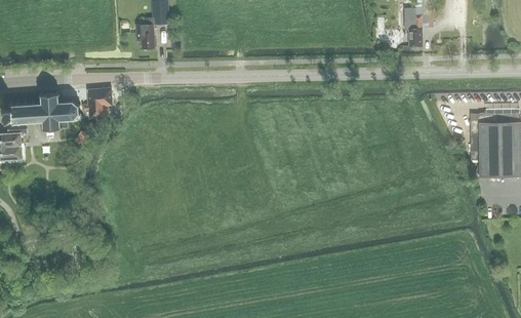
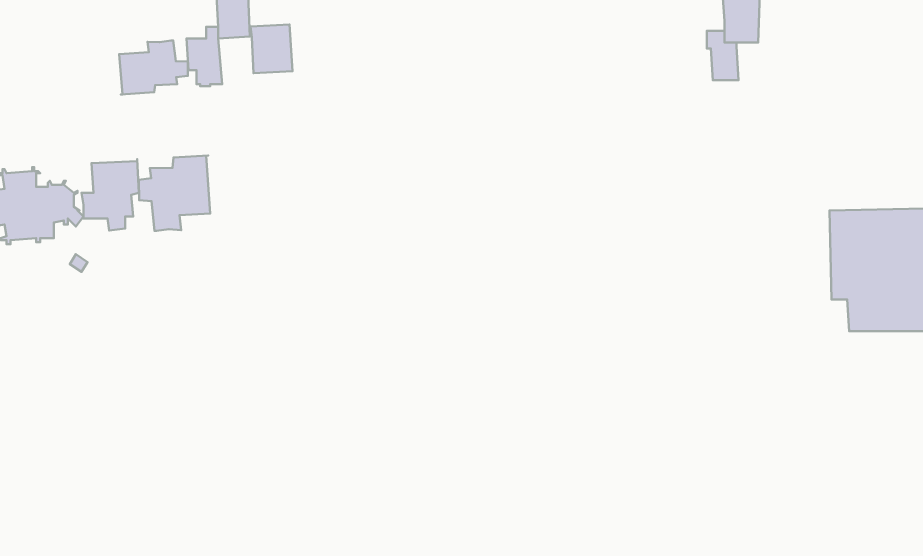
building: none -> [250,24,293,73]
building: none -> [119,40,188,95]
building: none -> [139,156,210,231]

